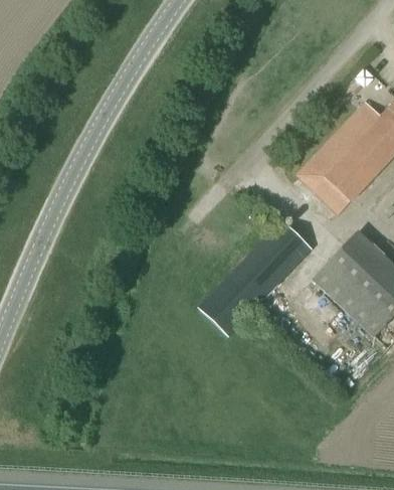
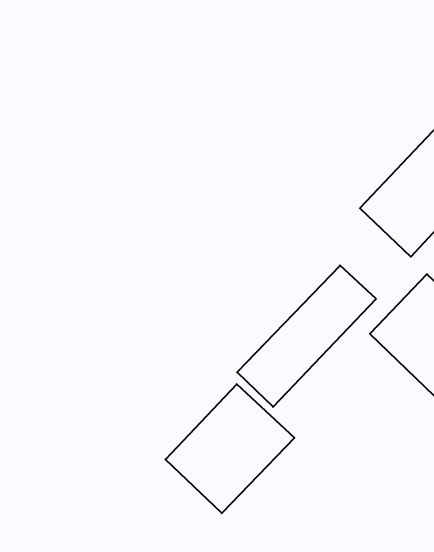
building: none -> [165,384,294,513]

